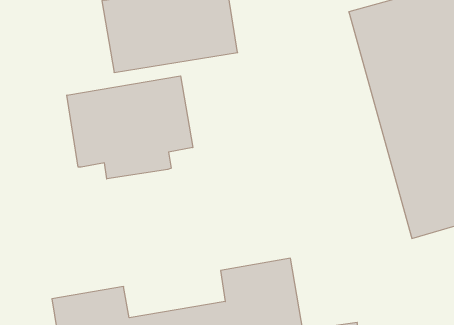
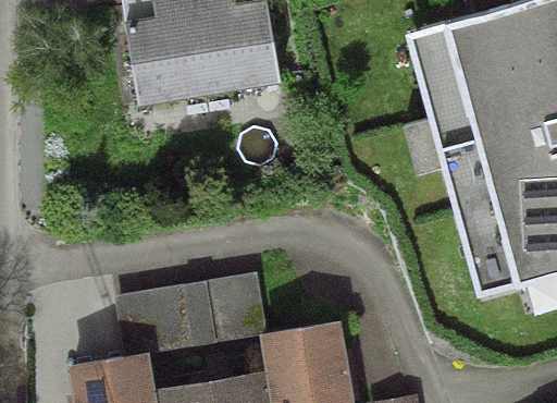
building: [67,76,193,179] -> none
building: none -> [115,271,268,351]

